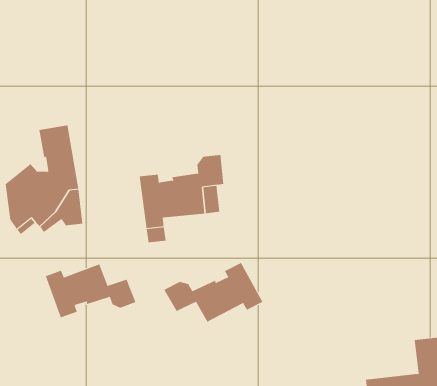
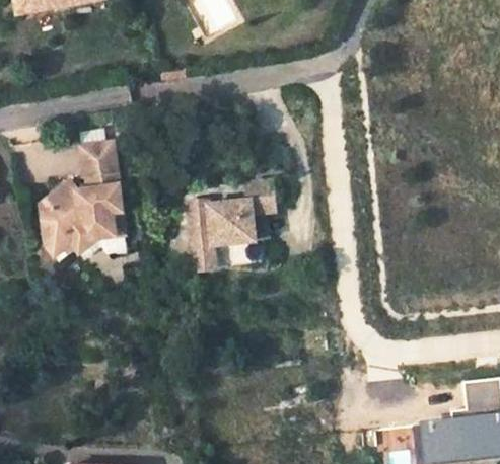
building: [163,262,263,323] -> none
building: [45,264,136,318] -> none

